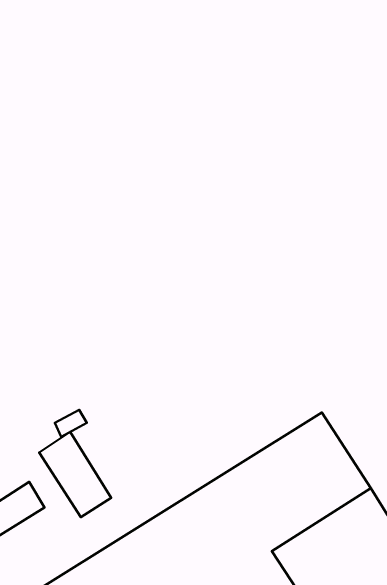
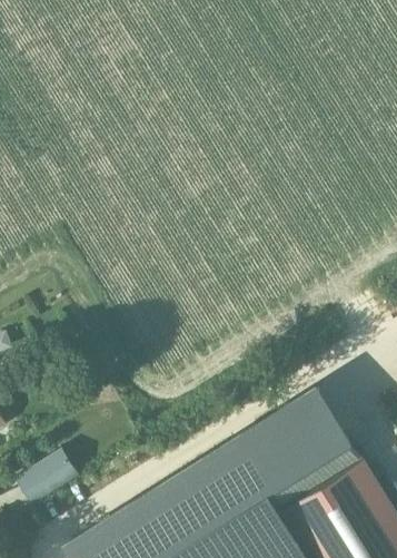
building: [39,432,111,517] -> none

